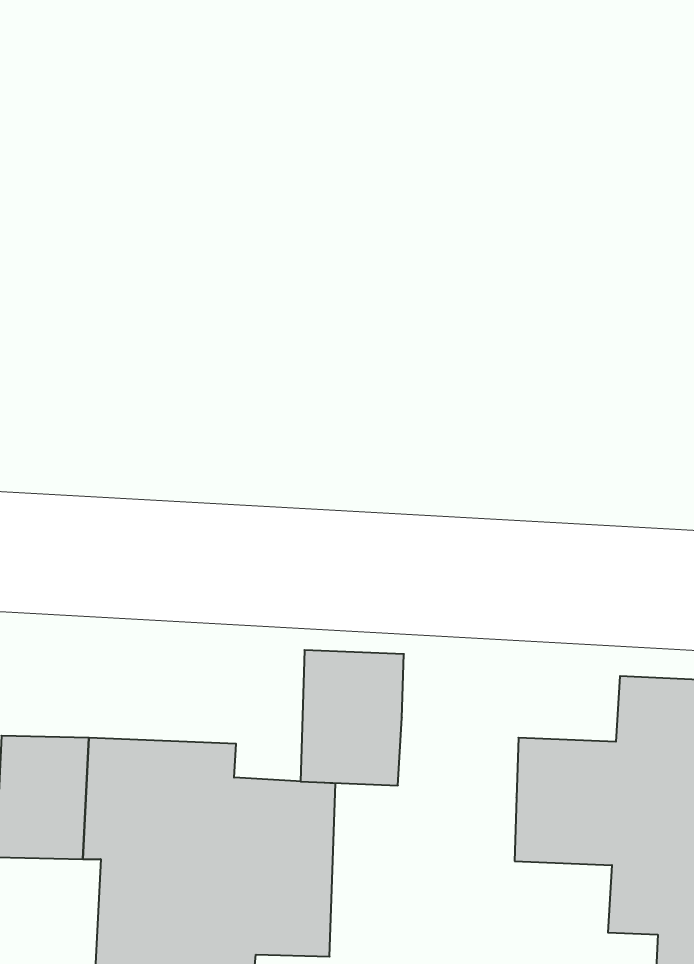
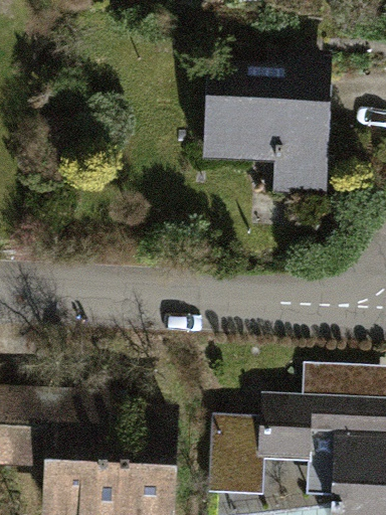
building: none -> [206,68,327,195]
building: [300,650,404,785] -> [209,427,261,496]

